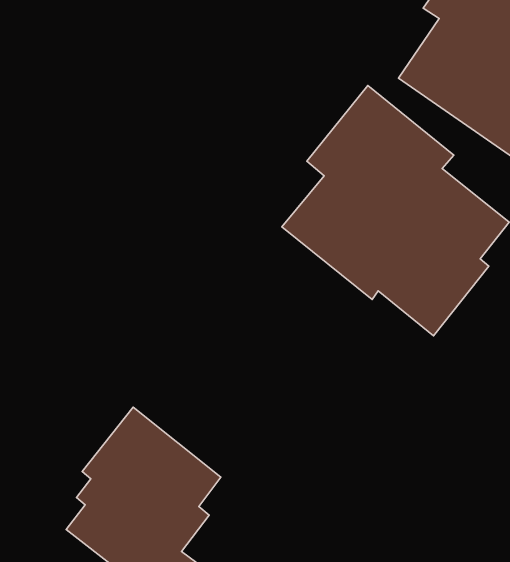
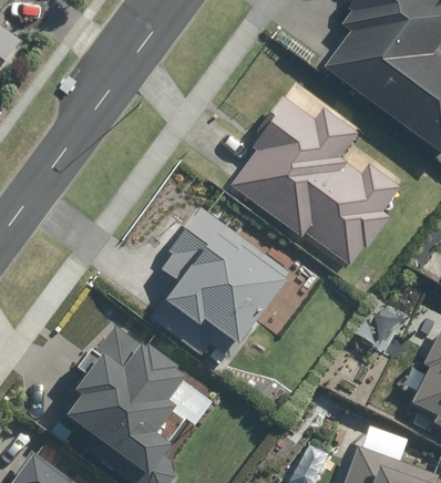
building: none -> [157,207,295,348]

